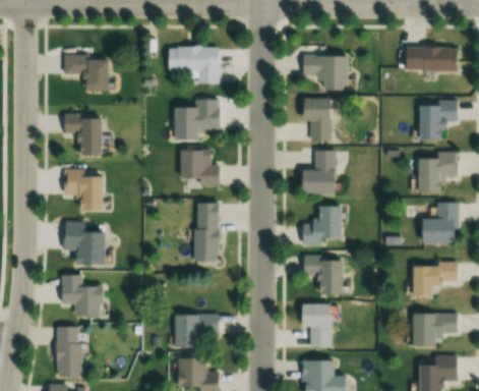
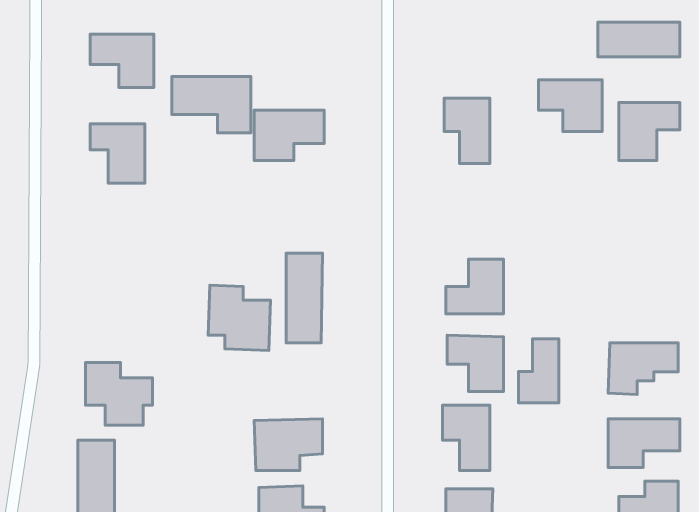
building: [168,46,221,83] -> [172,77,251,133]
building: [304,55,347,90] -> [538,80,602,131]
building: [181,149,223,186] -> none
building: [302,150,337,193] -> none
building: [418,151,460,192] -> none
building: [65,168,104,210] -> none
building: [421,202,460,242] -> none
building: [64,221,106,265] -> [208,285,270,351]
building: none -> [519,339,559,403]

